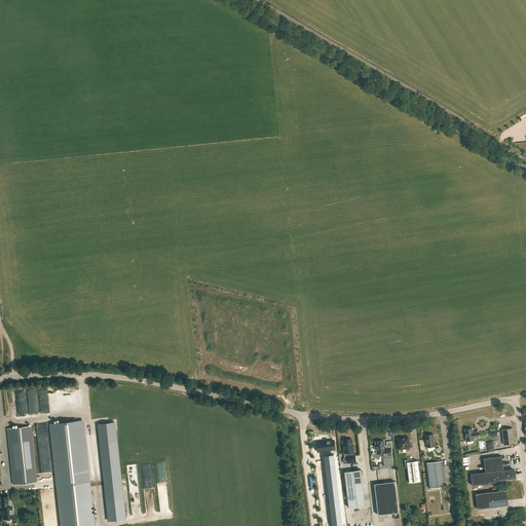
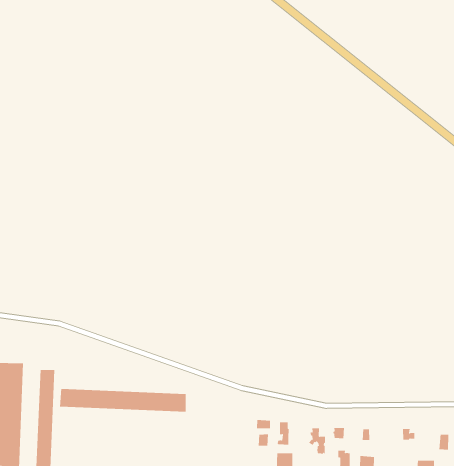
building: none -> [60,388,186,412]

